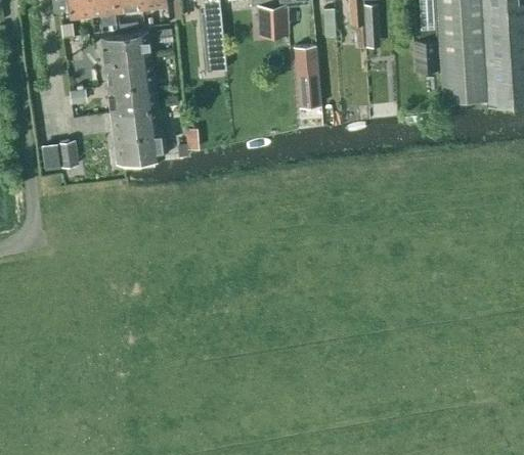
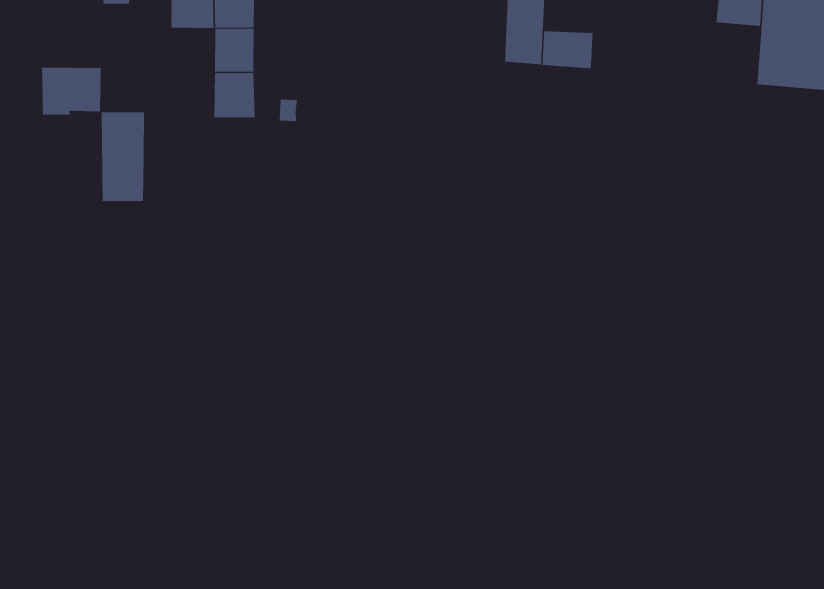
building: none -> [542,30,593,69]
building: [111,108,141,162] -> [101,112,145,202]

